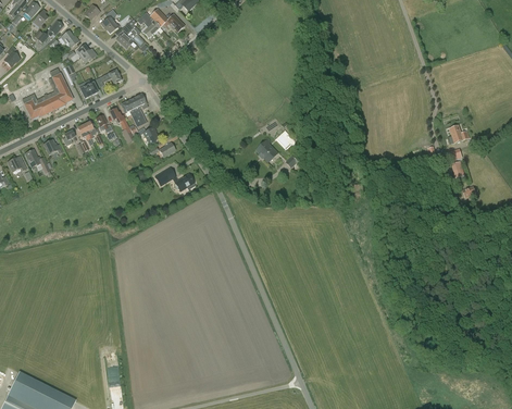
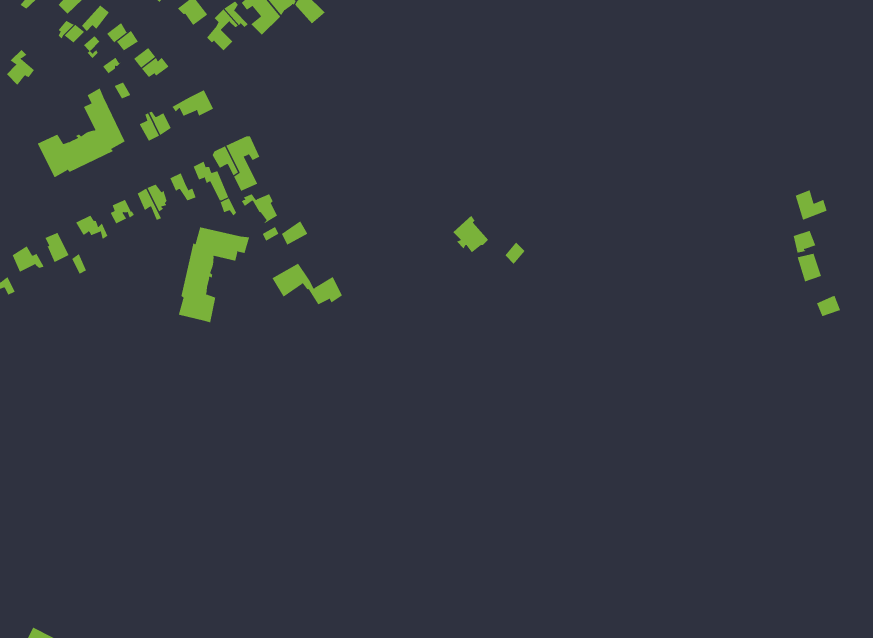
building: none -> [178,227,250,323]

